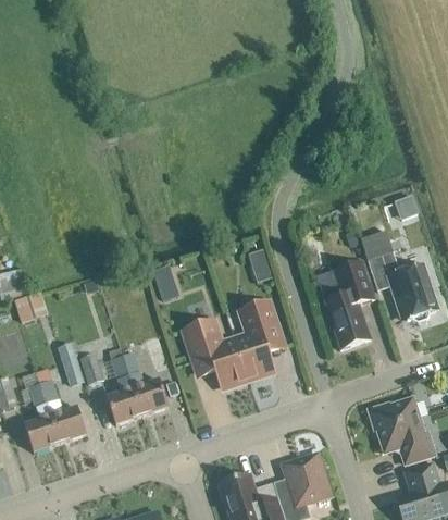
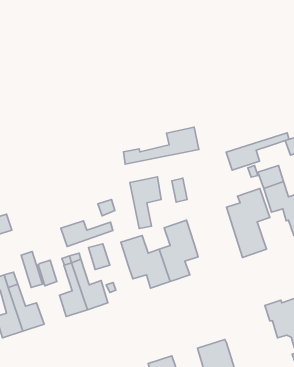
building: none -> [123,127,199,164]
building: none -> [226,133,289,170]
building: none -> [130,177,161,228]
building: none -> [61,221,113,246]

